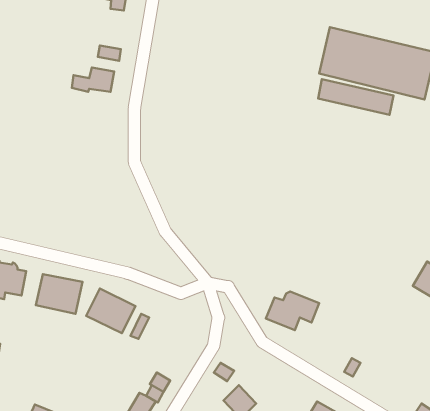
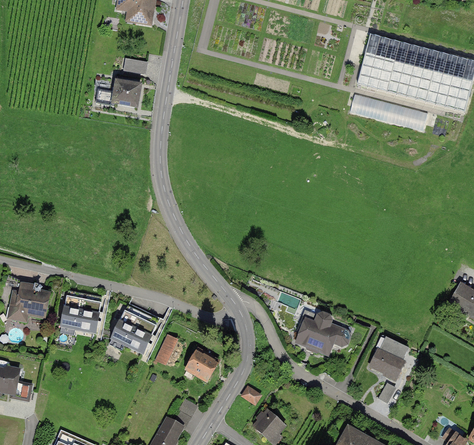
building: none -> [369,337,407,378]
building: none -> [186,346,217,380]

